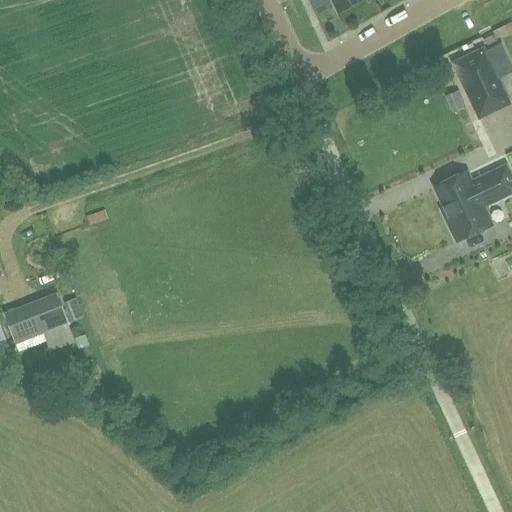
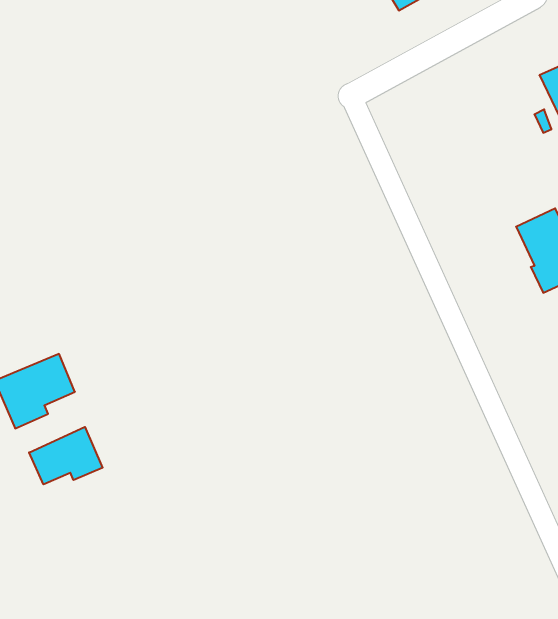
building: none -> [29,427,103,484]

